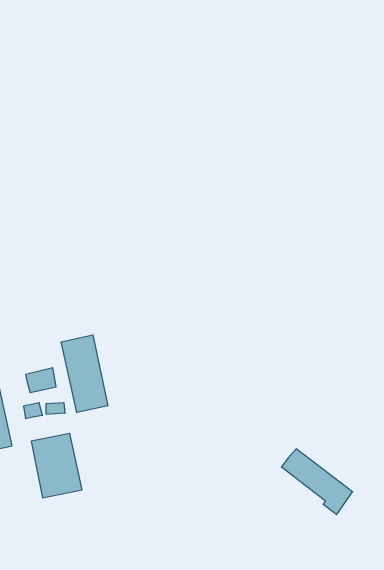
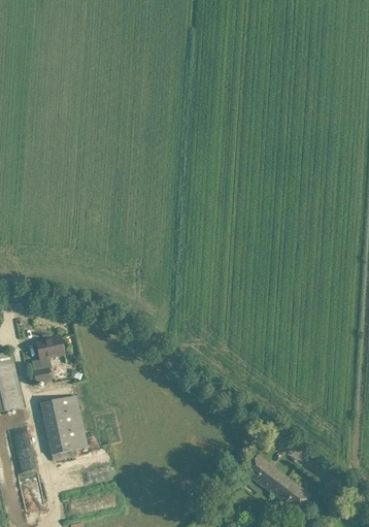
building: [61,335,108,413] -> none
building: [281,449,353,514] -> [244,455,309,515]

